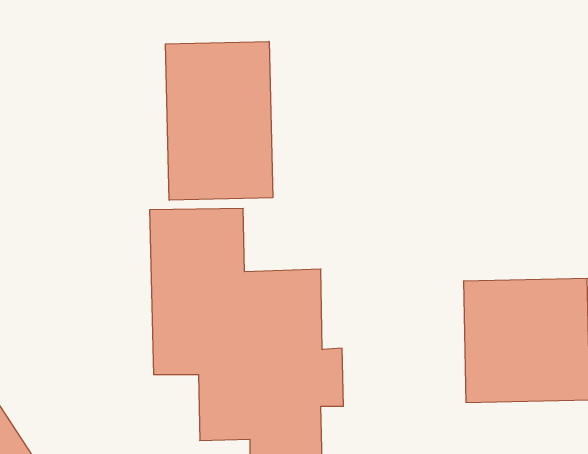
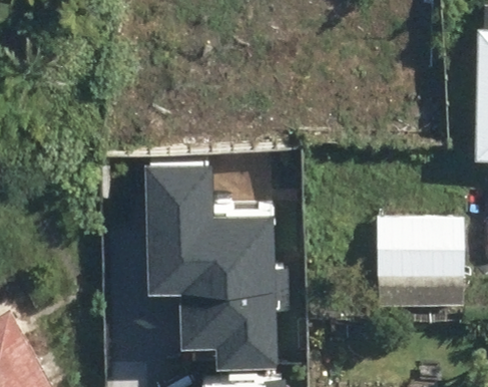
building: [166,41,273,200] -> none

